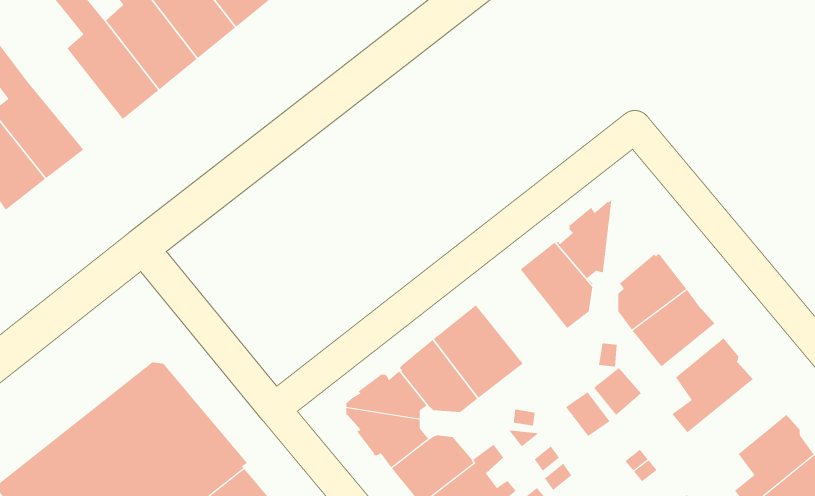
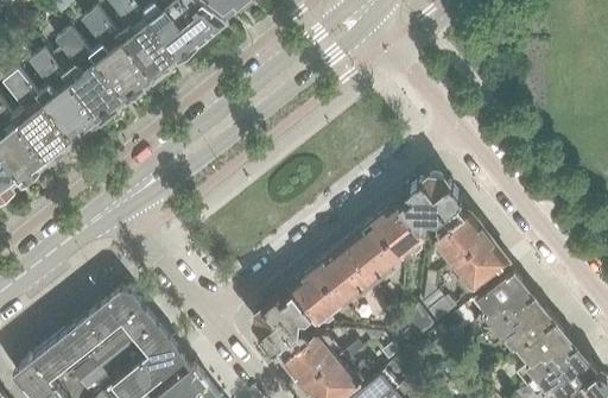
building: none -> [30,48,101,141]
building: none -> [429,176,463,233]
building: none -> [342,223,404,288]
building: none -> [486,298,553,349]

